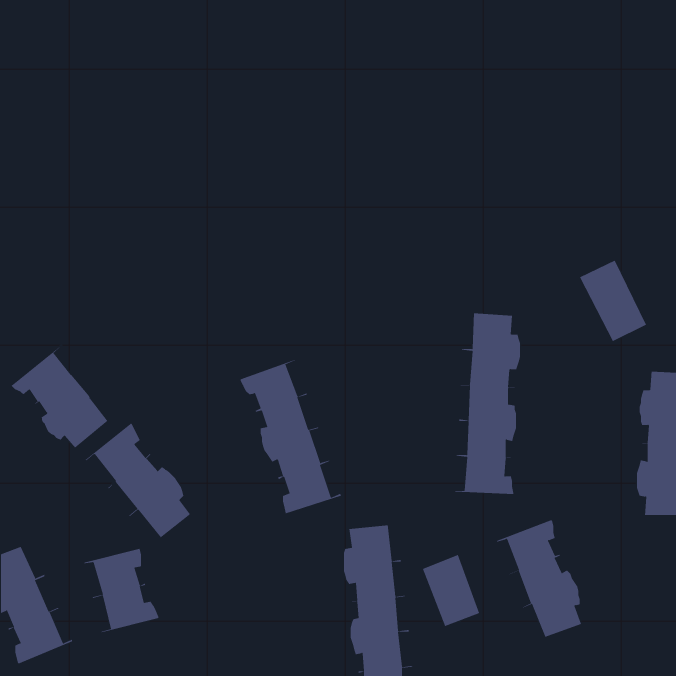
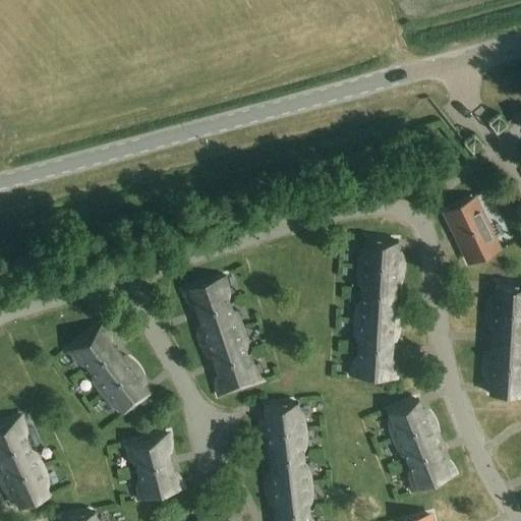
building: [11,344,108,449] -> none
building: [84,548,159,633] -> [124,436,182,501]
building: [422,554,480,627] -> none

